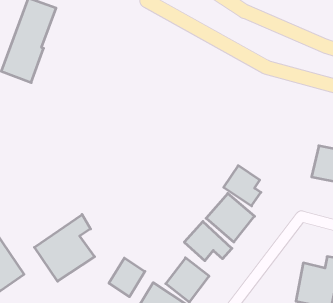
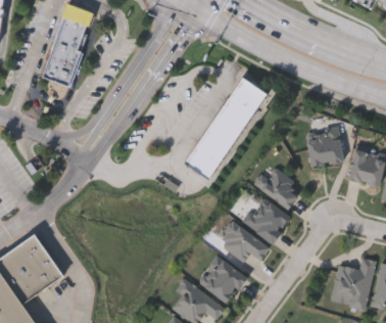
building: none -> [184,76,268,179]
building: none -> [307,130,342,166]
building: [34,214,95,281] -> none
building: [109,258,145,297] -> none

